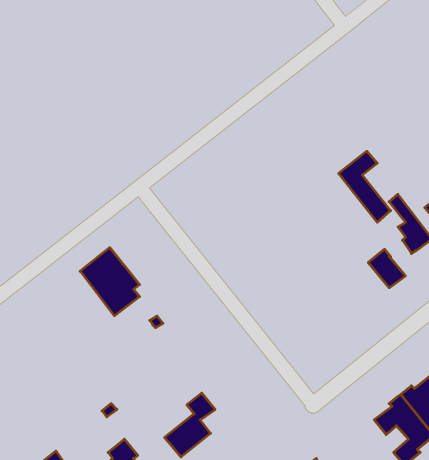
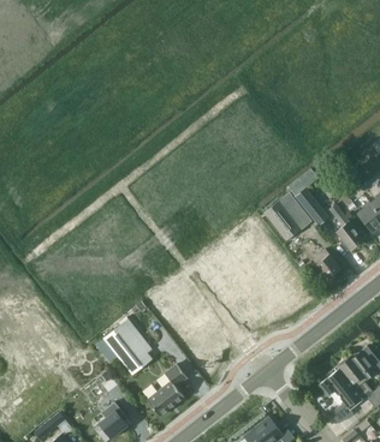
building: none -> [263,192,311,240]
building: [80,248,140,316] -> [103,318,152,374]

